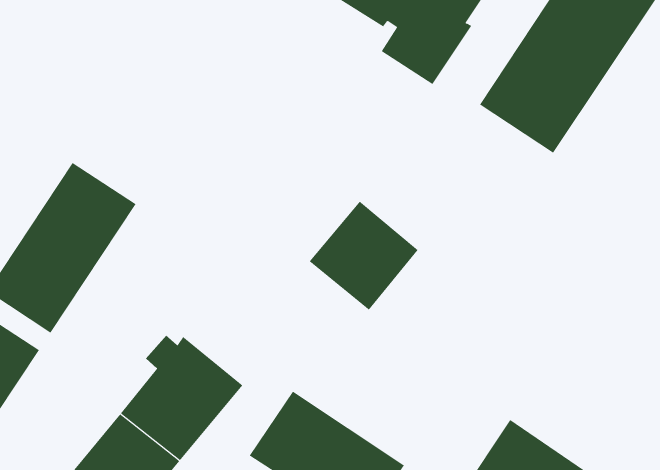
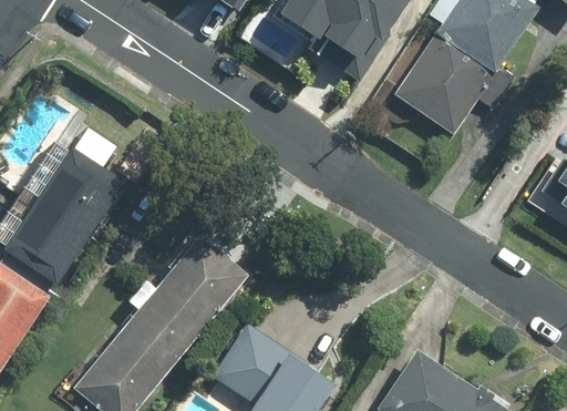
building: [309,201,418,310] -> [161,233,247,319]

